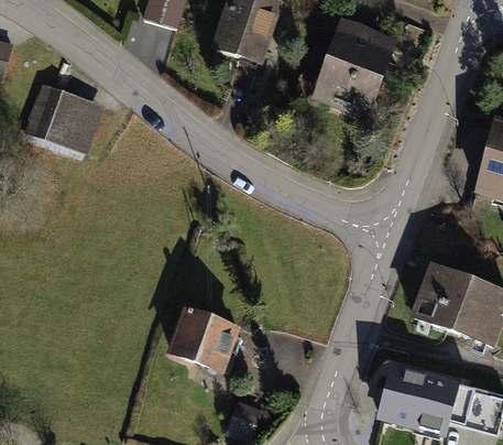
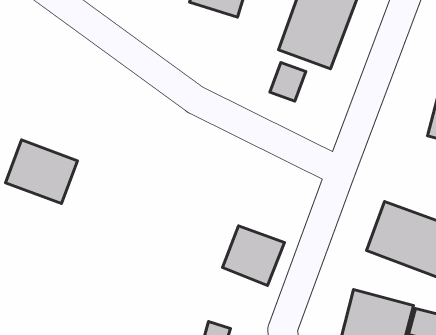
building: [17,79,96,150] -> [5,140,77,204]
building: none -> [270,63,306,101]
building: [160,304,228,370] -> [222,226,284,286]

